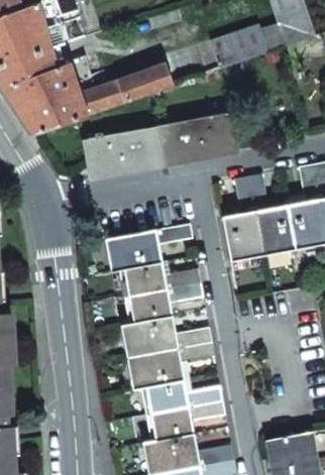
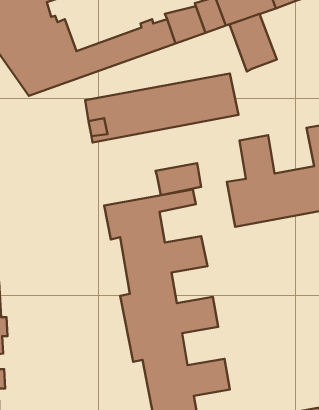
building: none -> [229,14,277,71]
building: none -> [156,163,201,195]

